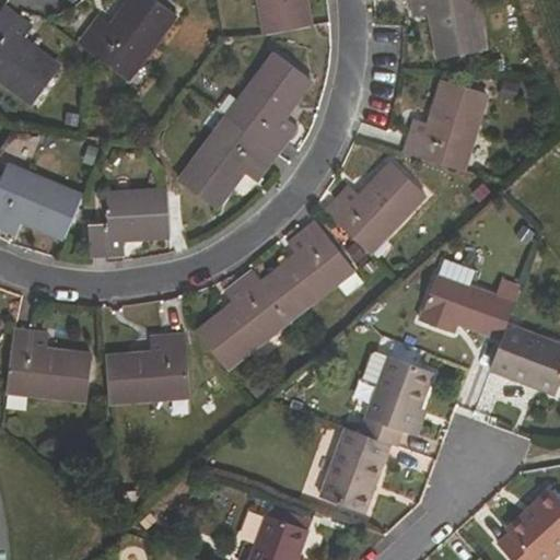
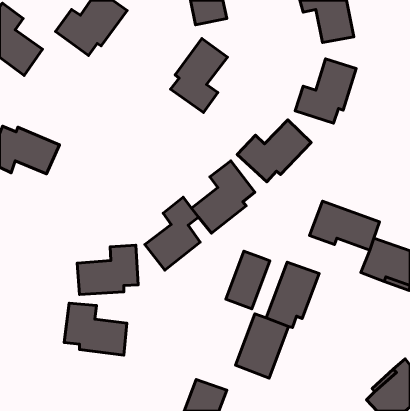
building: [179,121,277,207] -> none
building: [86,191,170,257] -> none
building: [5,328,91,399] -> [64,303,127,355]
building: none -> [226,251,270,309]

